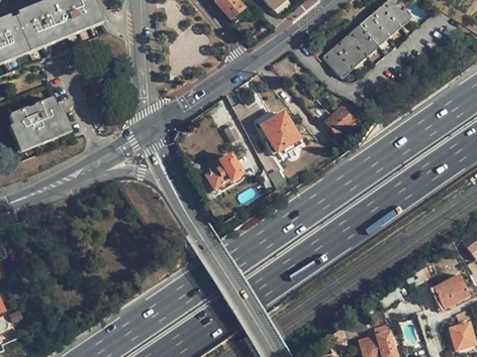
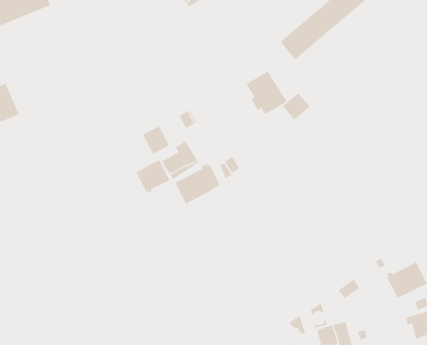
building: [261,112,302,155] -> [246,71,287,115]
building: none -> [142,126,170,154]
building: none -> [136,159,170,194]
building: none -> [175,163,221,205]

